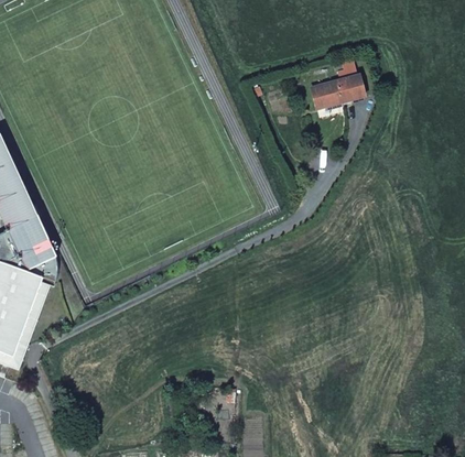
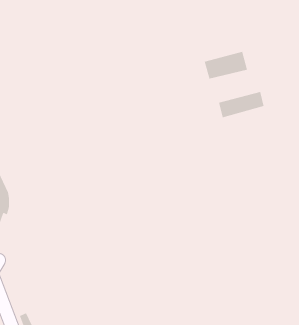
building: none -> [219,91,264,118]

